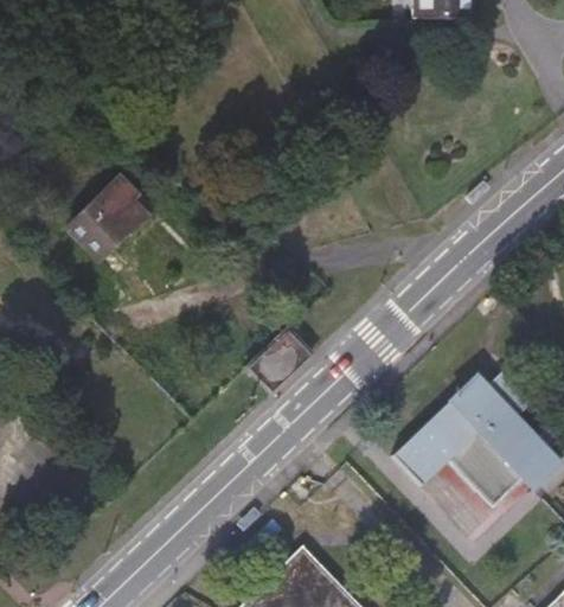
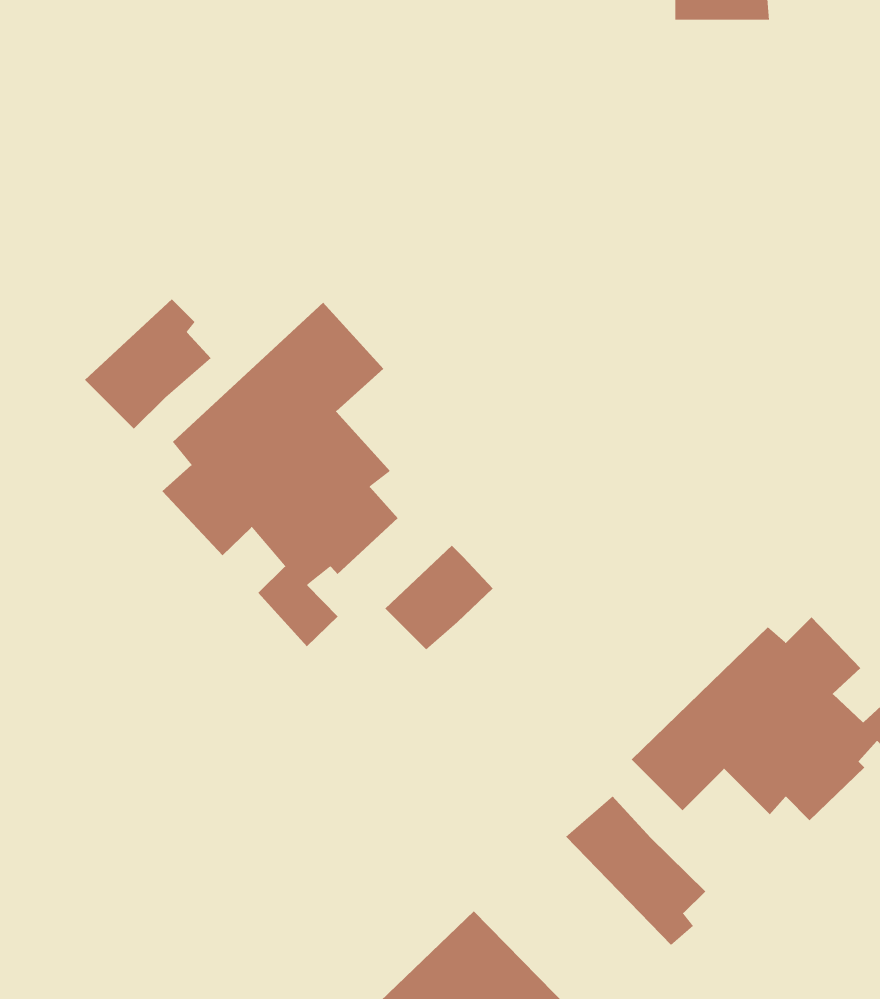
building: none -> [162,302,398,647]
building: none -> [565,795,706,946]

